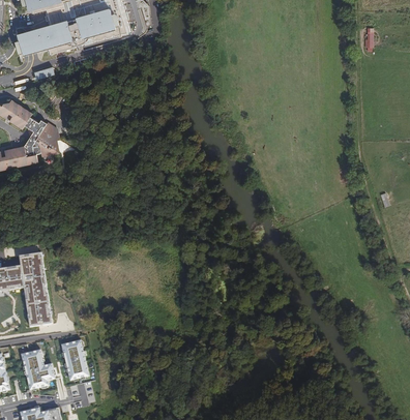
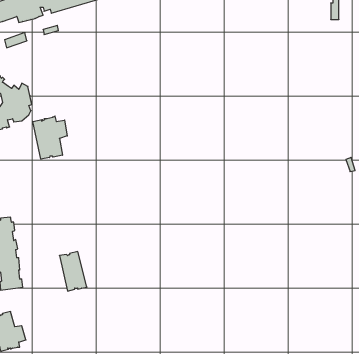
building: none -> [33,116,67,159]
building: [61,339,89,380] -> [59,252,87,291]

